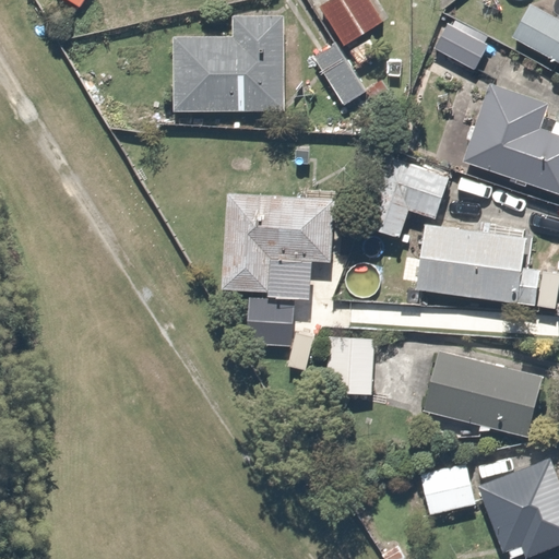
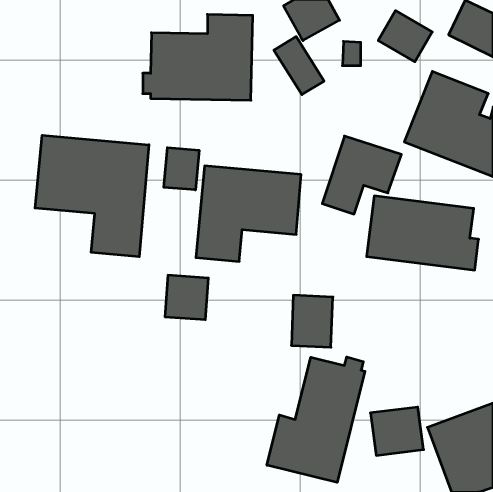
building: none -> [35,135,149,257]
building: none -> [164,148,199,190]
building: [248,297,297,347] -> [165,275,208,320]
building: [421,347,543,439] -> none
building: none -> [267,357,365,482]

